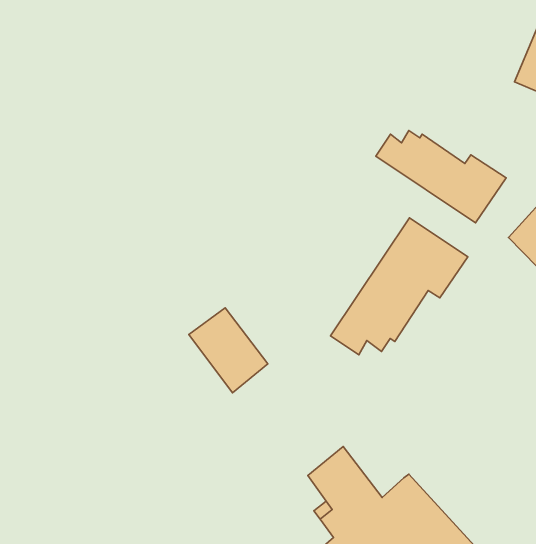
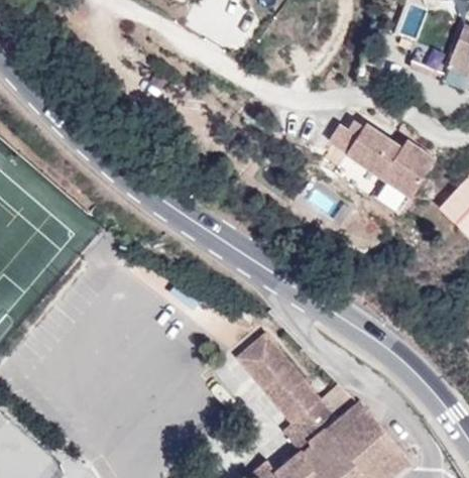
building: [331,218,468,355] -> none
building: [189,308,268,393] -> [236,335,302,405]

